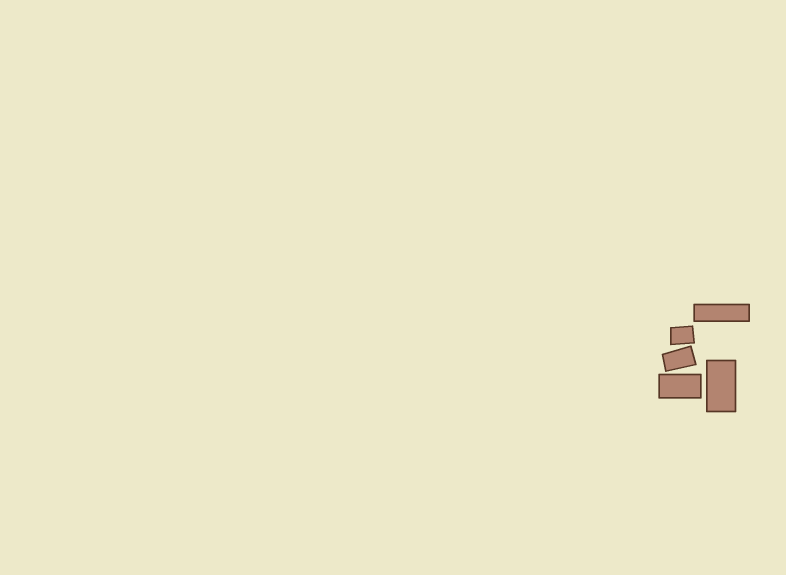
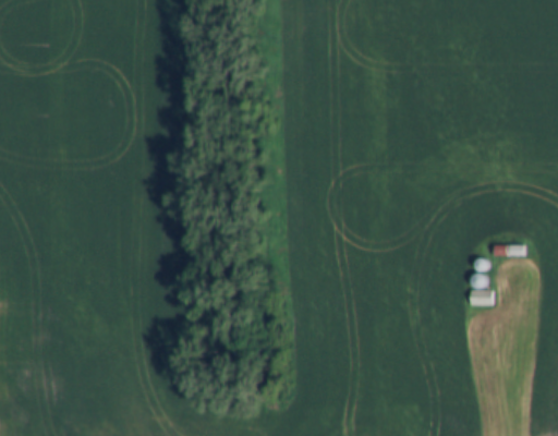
building: [707,361,735,411] -> none

